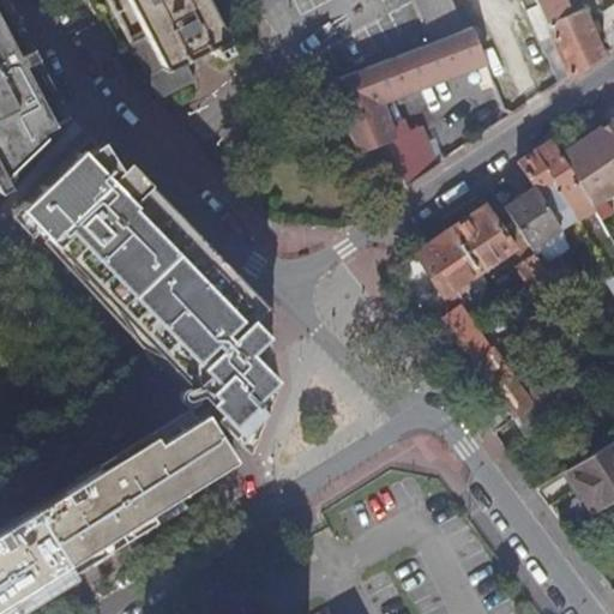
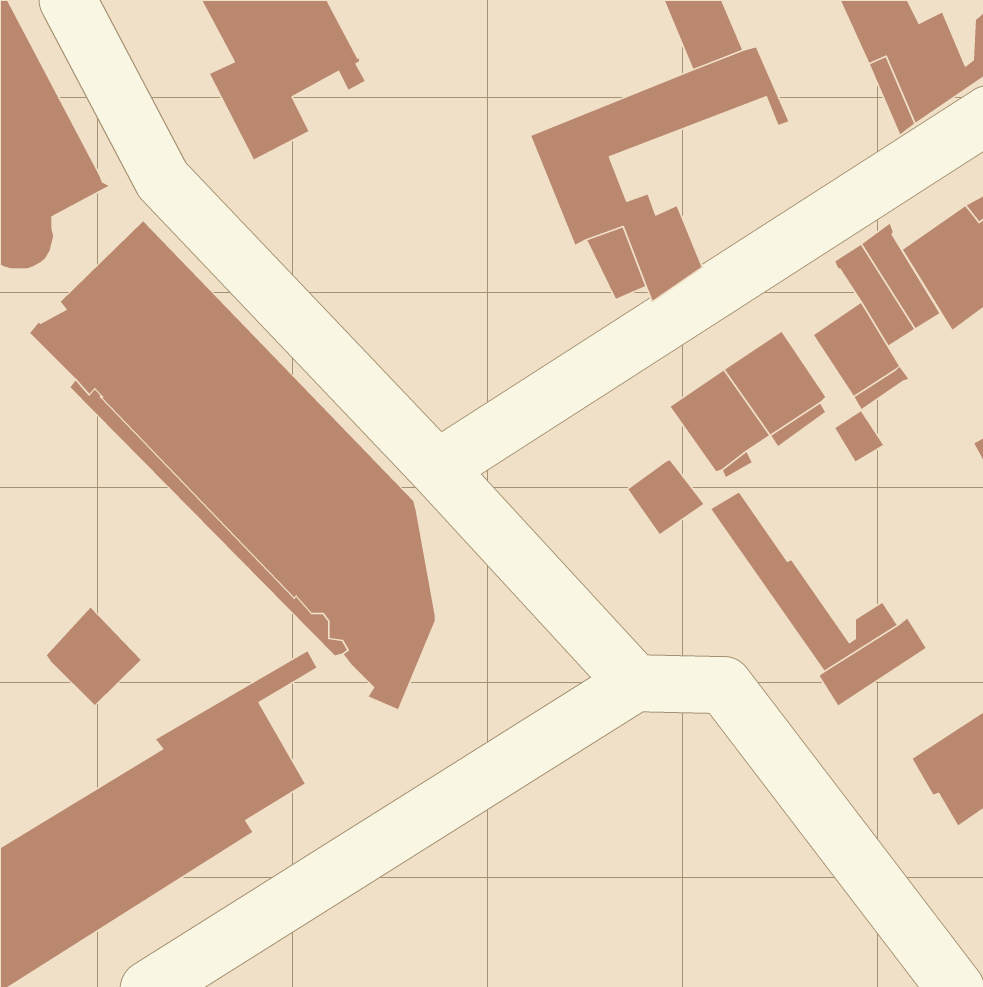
building: none -> [627,459,705,535]
building: none -> [46,607,142,706]
building: [164,408,241,487] -> none

